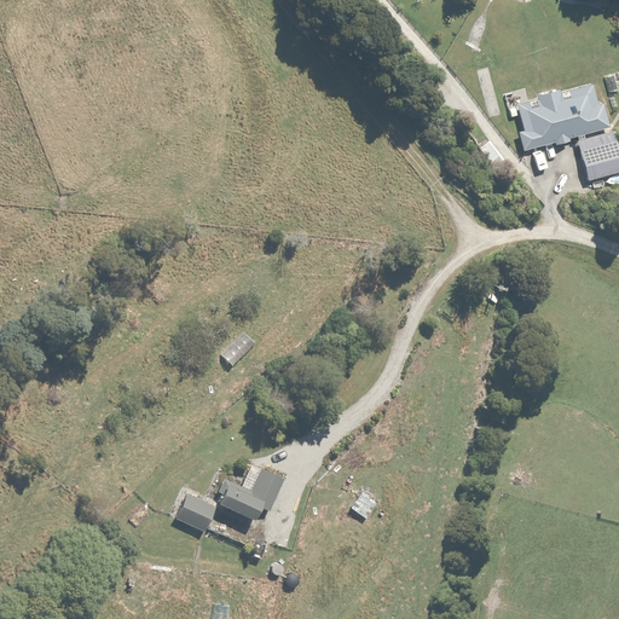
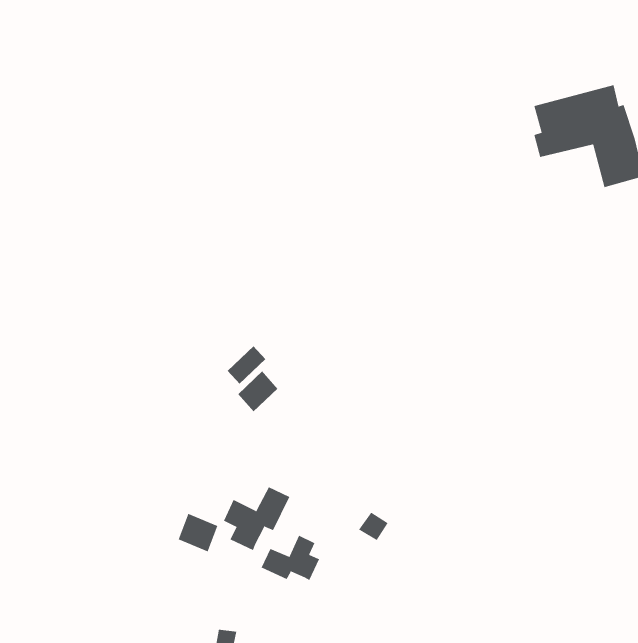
building: none -> [238,371,278,412]
building: none -> [261,535,320,581]

